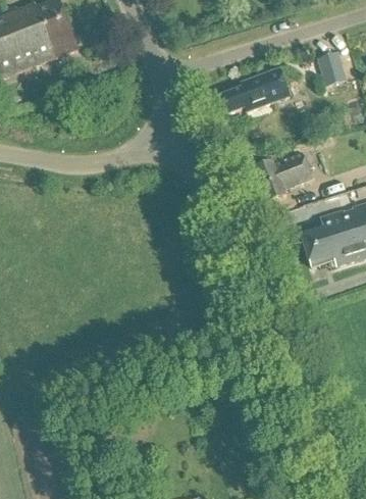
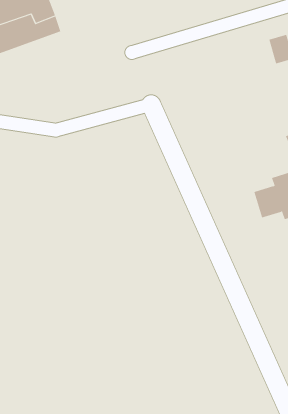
building: [219,68,290,113] -> none
building: [255,152,313,203] -> none

